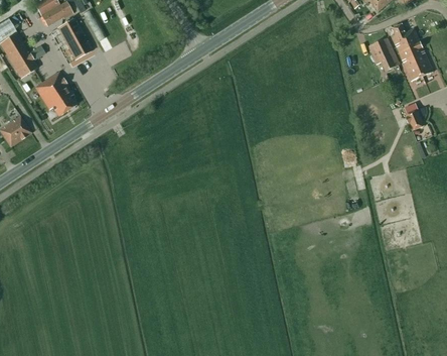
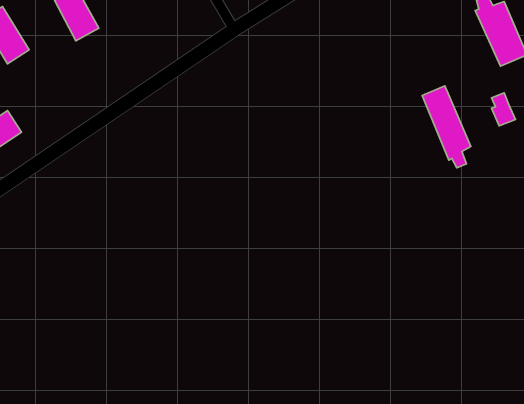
building: [367,38,398,72] -> none
building: [33,72,74,117] -> none
building: none -> [422,86,471,168]

